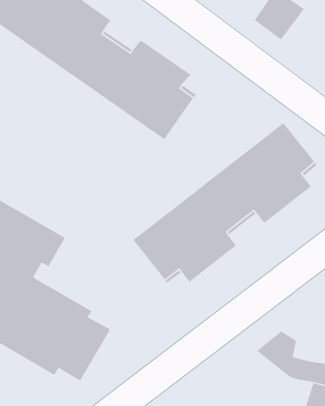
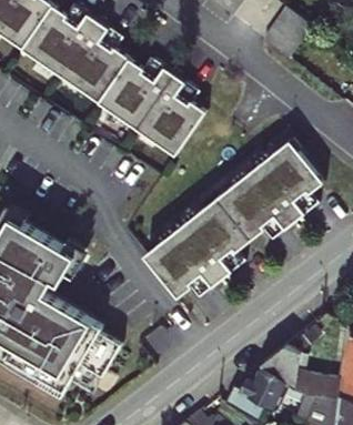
building: none -> [241,364,304,411]

